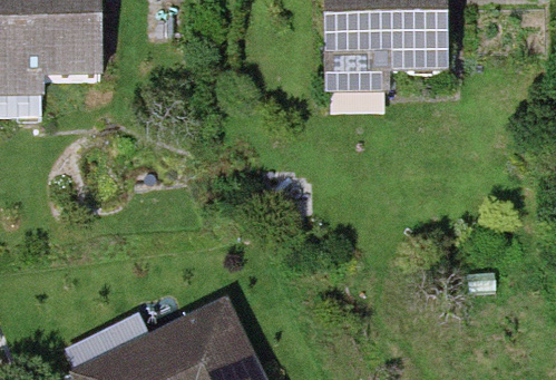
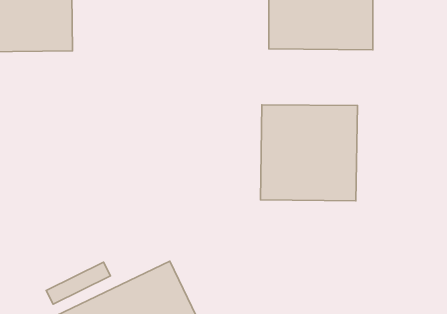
building: none -> [260,105,358,201]

